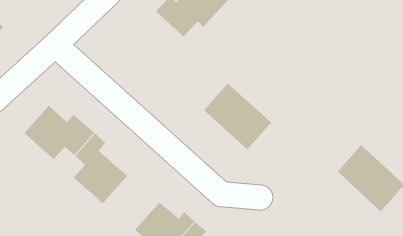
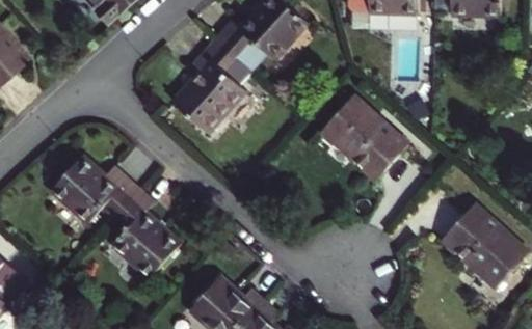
building: none -> [171,38,250,134]
building: [203,82,272,150] -> [321,95,407,180]

